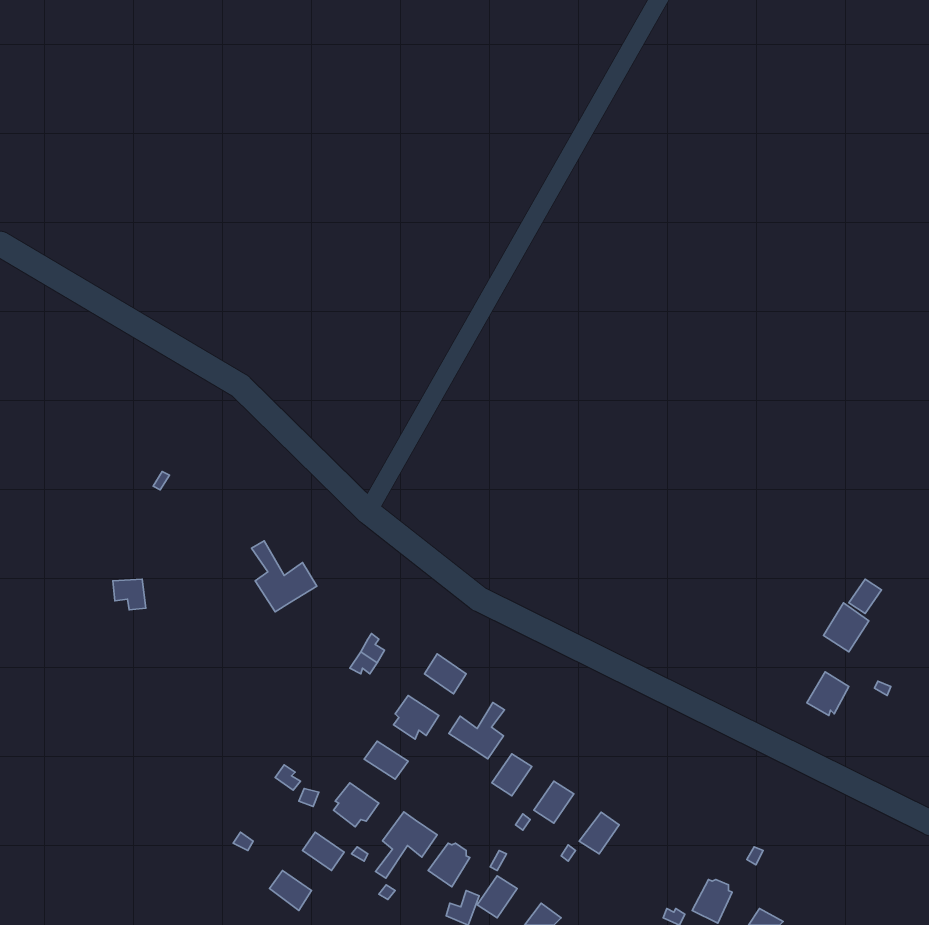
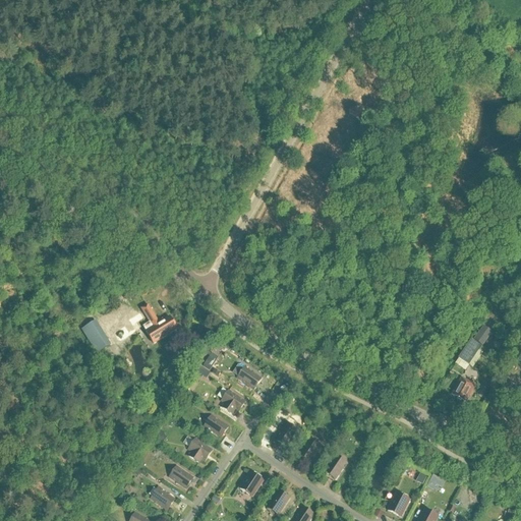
building: none -> [83,319,112,351]
building: [449,703,505,759] -> none
building: [375,812,437,878] -> none

